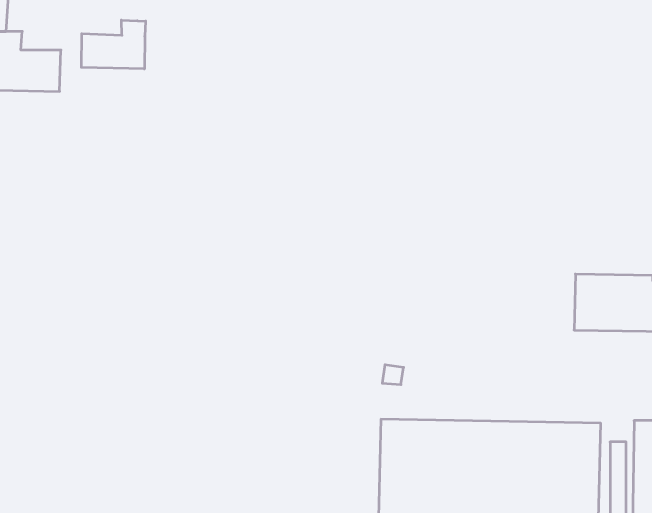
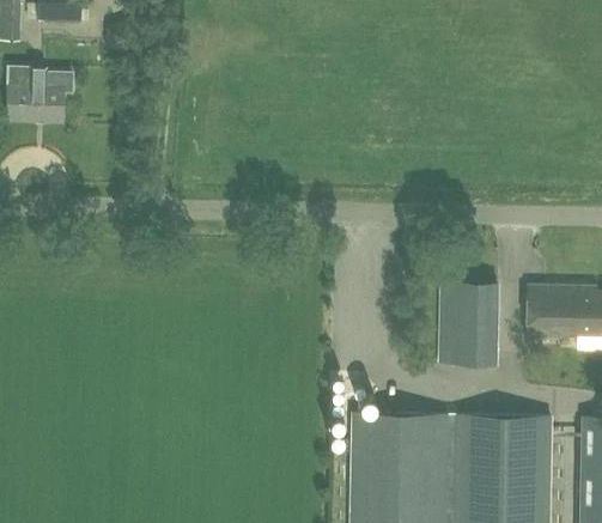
building: [81,20,146,69] -> none
building: none -> [439,279,498,359]

